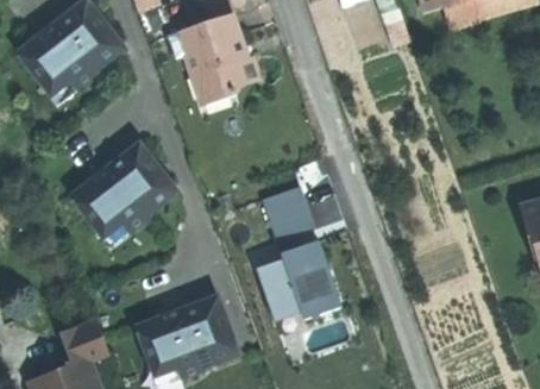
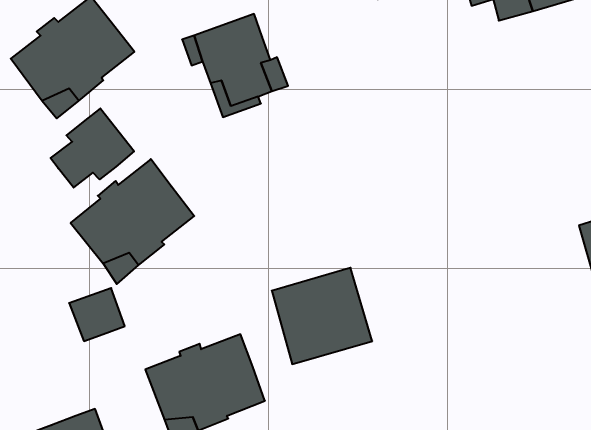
building: none -> [51,108,134,188]
building: [259,180,312,233] -> none
building: [62,319,111,365] -> [69,288,125,341]

